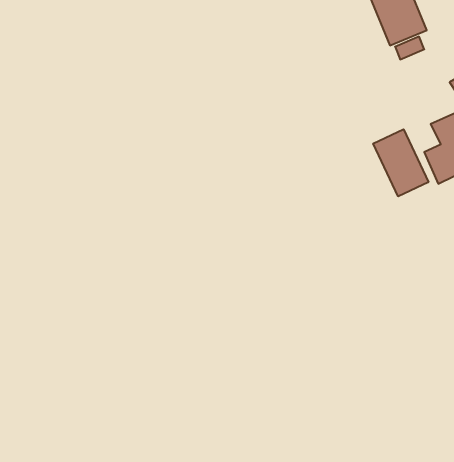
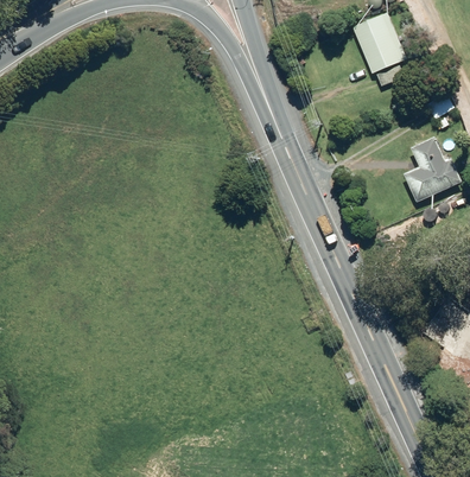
building: [373,129,428,196] -> none

